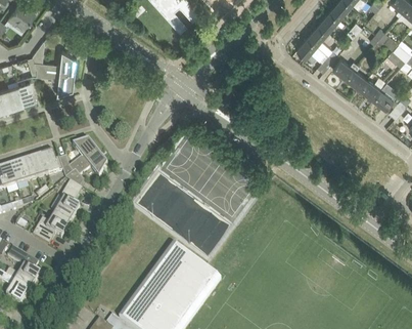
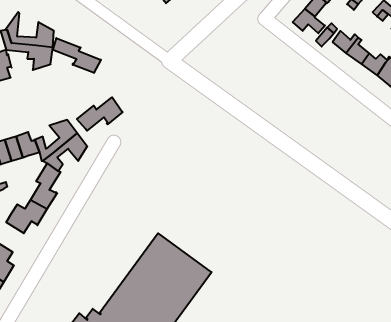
building: none -> [52,38,101,73]
building: none -> [77,97,123,131]

